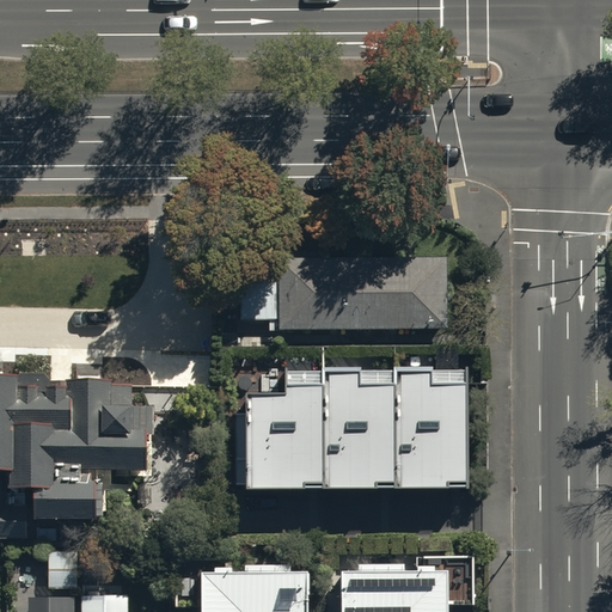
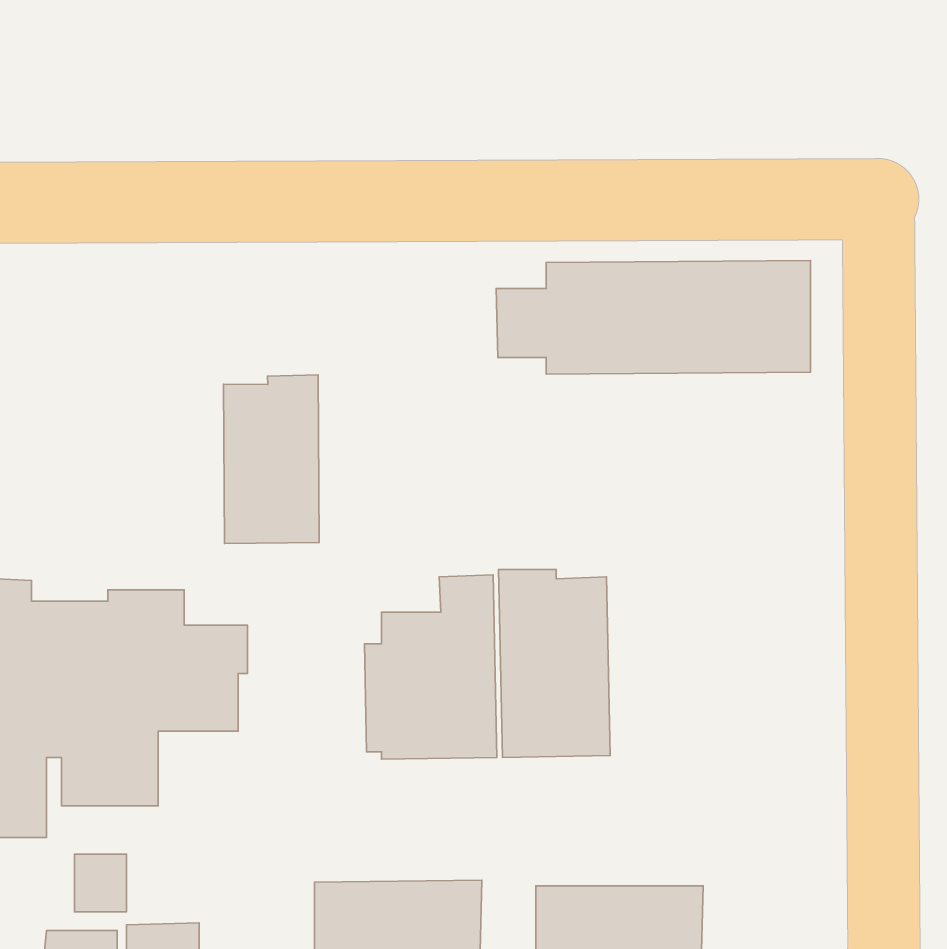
building: none -> [224,375,319,544]
building: [241,258,443,331] -> [496,261,810,374]
building: [392,367,464,488] -> none

